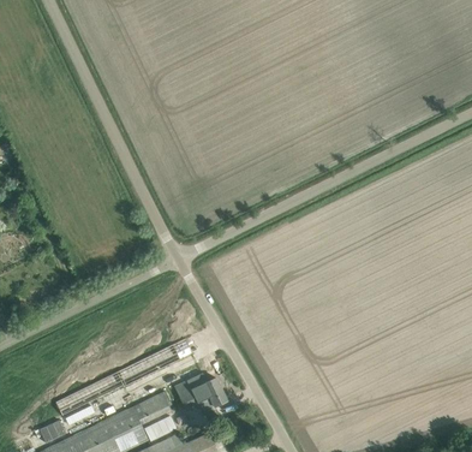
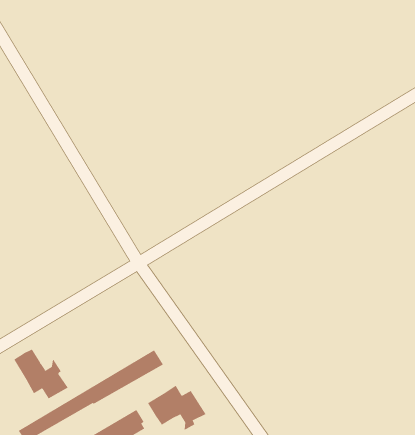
building: none -> [13,348,68,399]

